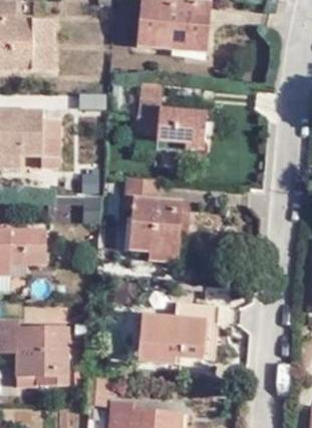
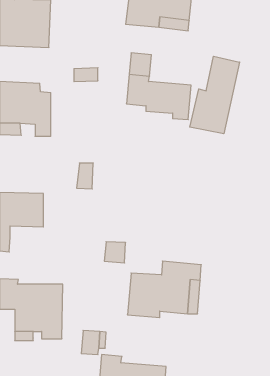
building: none -> [190,56,240,134]
building: [124,175,191,260] -> none

